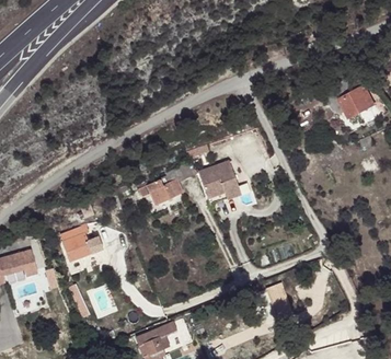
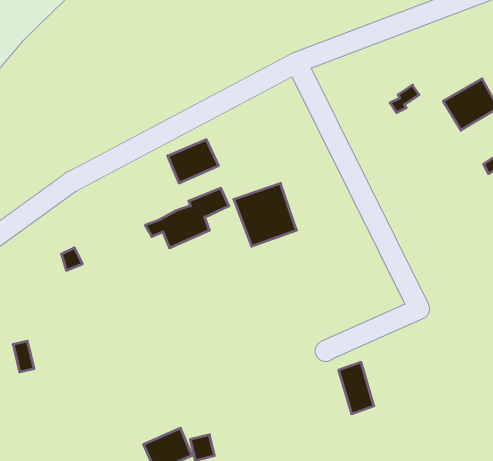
building: none -> [168,140,218,183]
building: [59,227,92,264] -> none

